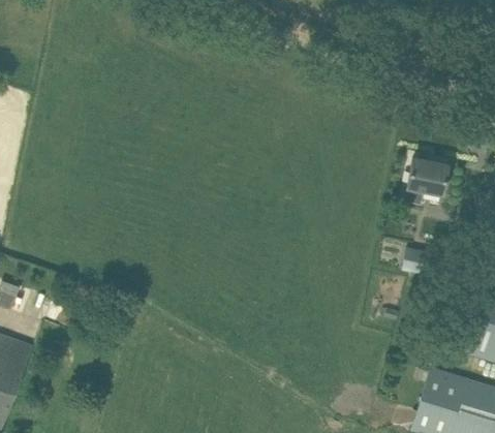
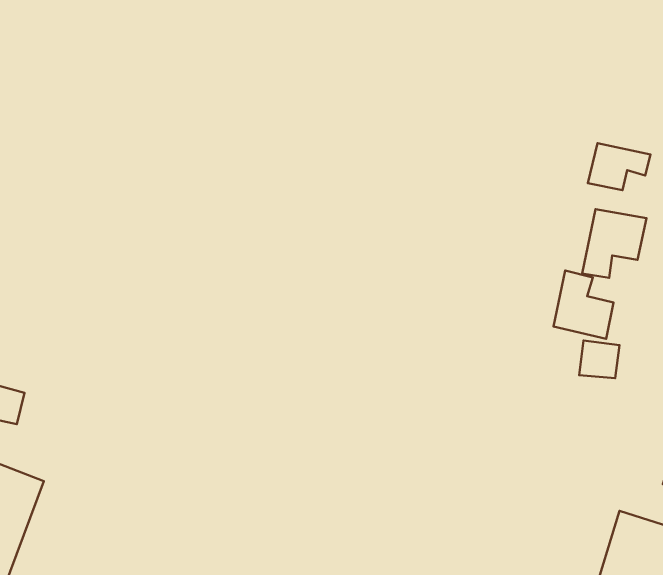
building: none -> [588,143,651,190]
building: none -> [553,271,614,339]

